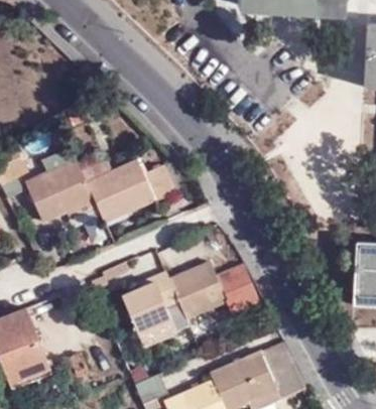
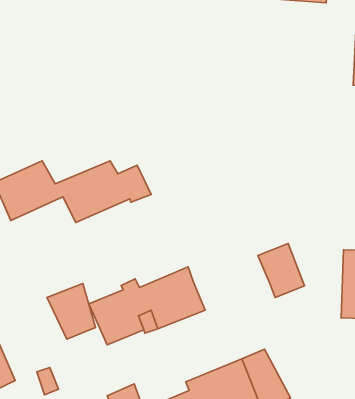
building: [217,264,260,314] -> [258,243,304,298]
building: none -> [47,283,96,339]

